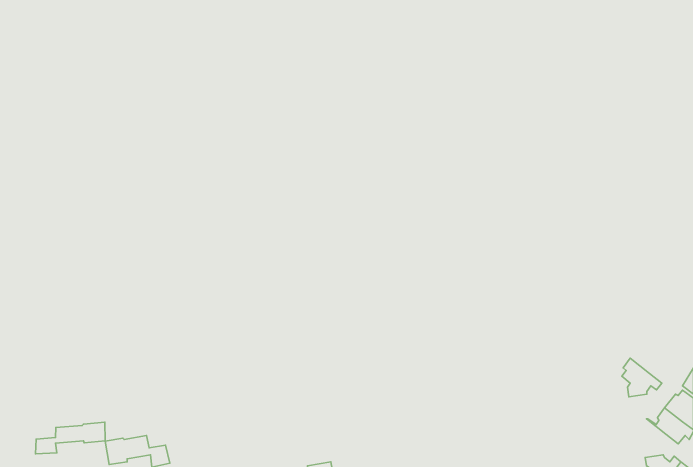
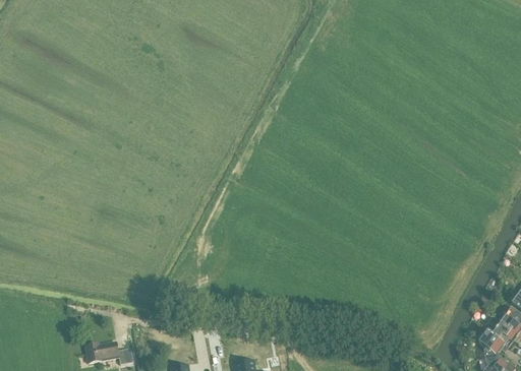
building: [622,358,662,397] -> [479,328,509,357]
building: [35,422,105,454] -> none

